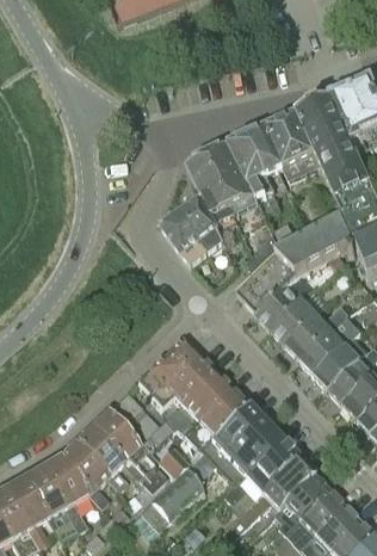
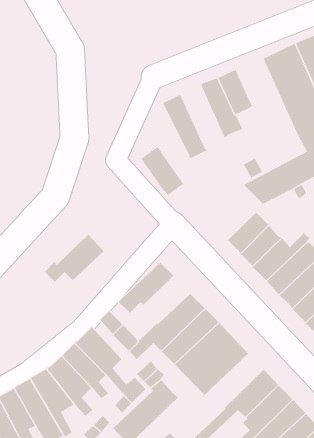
building: [265,111,320,180] -> none
building: [204,140,252,208] -> none
building: [179,193,222,249] -> none
building: [235,252,295,311] -> none
building: [148,351,215,404] -> [44,234,105,283]
building: [222,437,296,502] -> none

